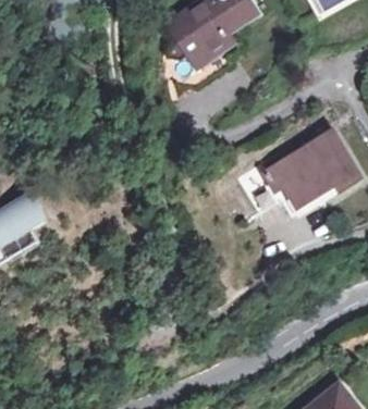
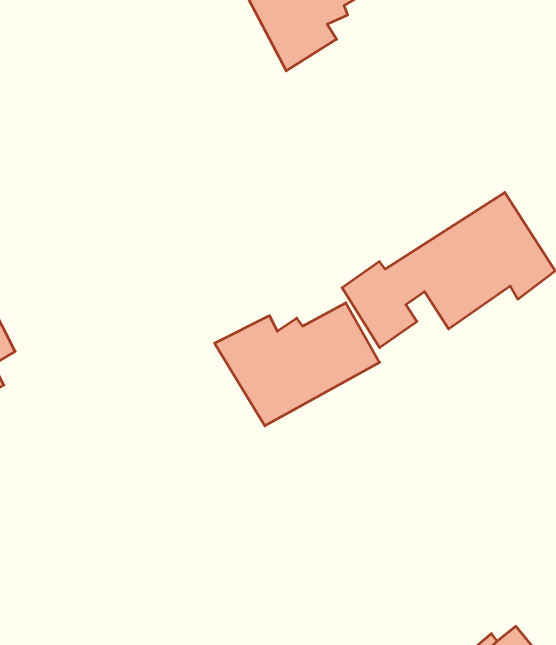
building: none -> [215,303,380,426]

